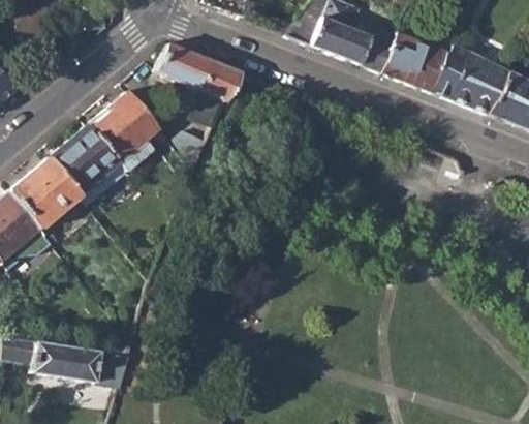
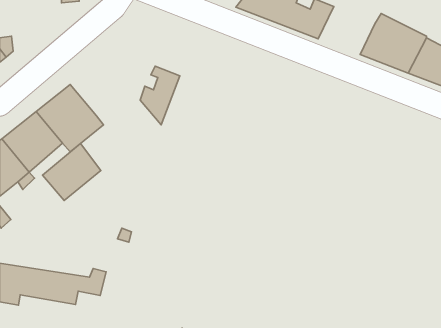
building: [382,32,457,90] -> none
building: [156,44,242,101] -> none
building: [90,91,161,162] -> none
building: none -> [43,144,101,200]

